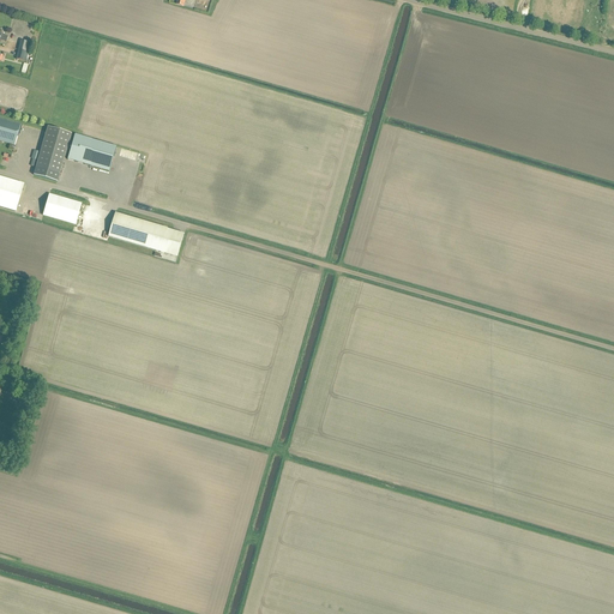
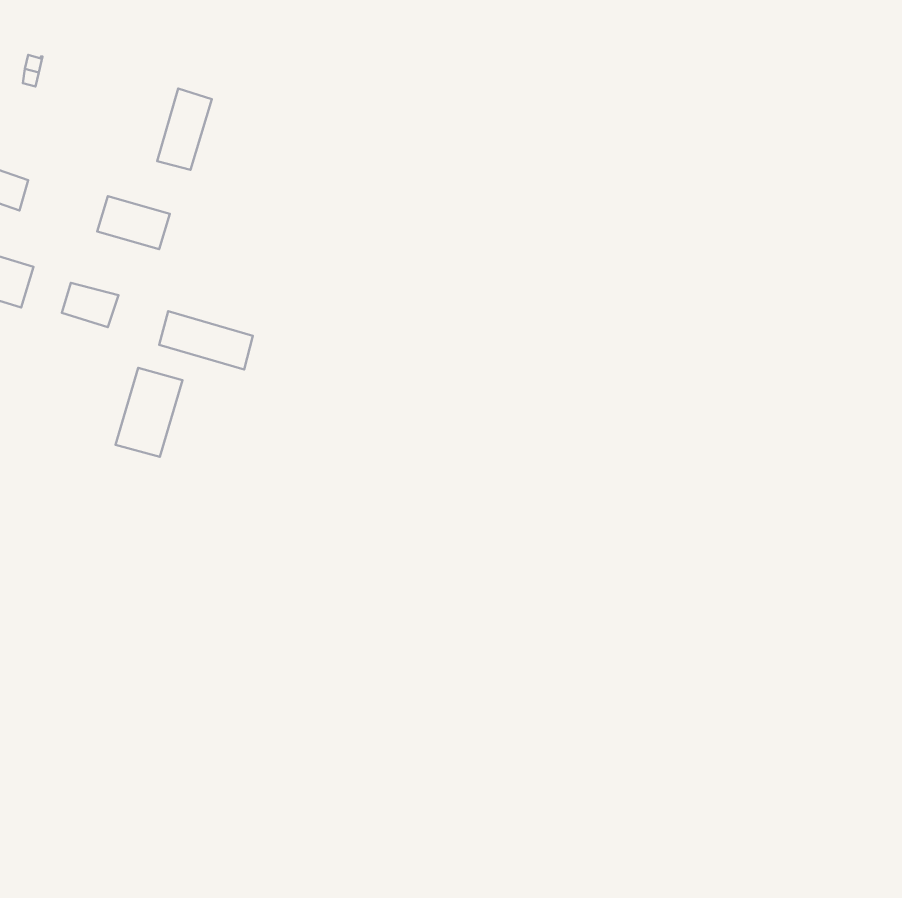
building: [32,124,70,179] -> [157,89,212,170]
building: none -> [116,368,182,457]

